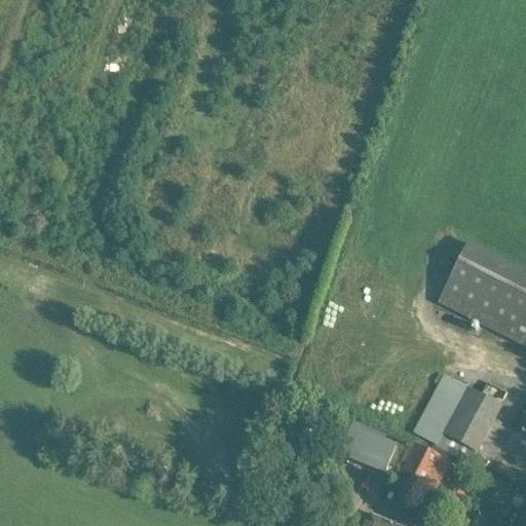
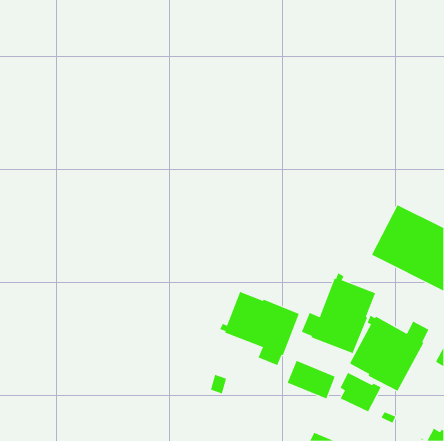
building: none -> [301,273,376,354]
building: none -> [219,291,300,366]

